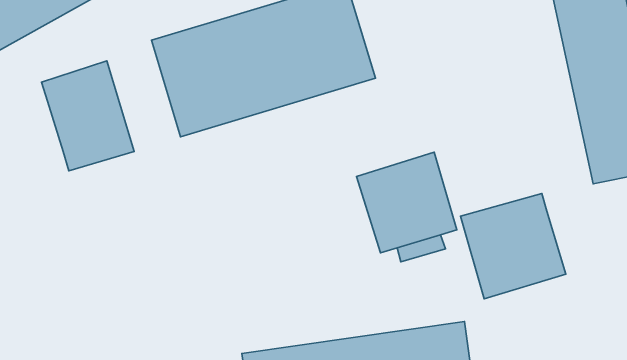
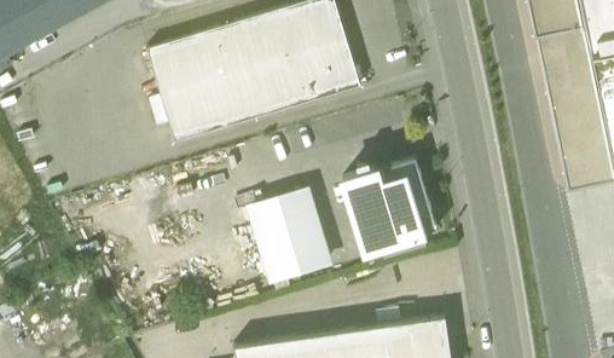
building: [41,61,134,171] -> none
building: none -> [253,191,328,278]
building: [461,193,566,299] -> none

